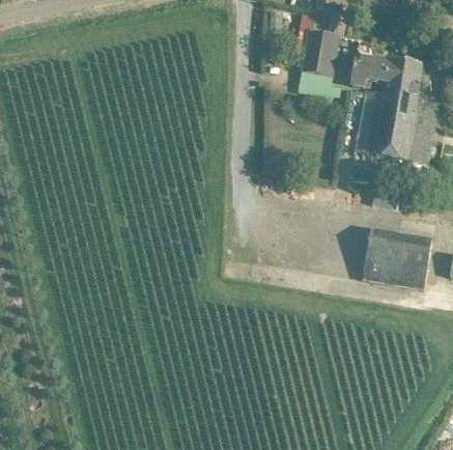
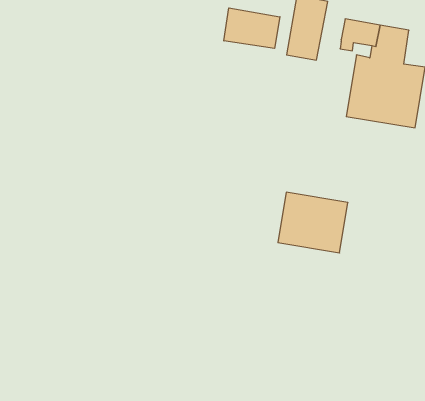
building: none -> [224,8,280,48]
building: [362,229,432,290] -> [278,192,348,253]

